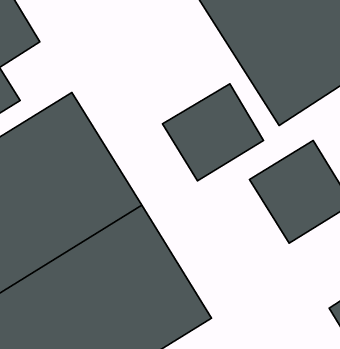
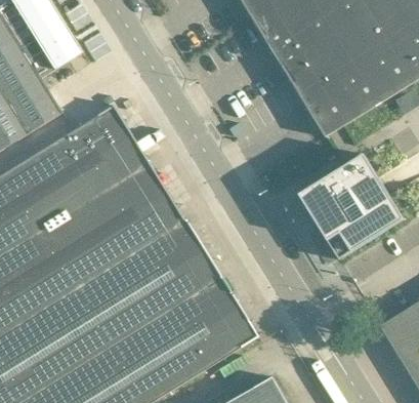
building: [163,84,264,181] -> none

